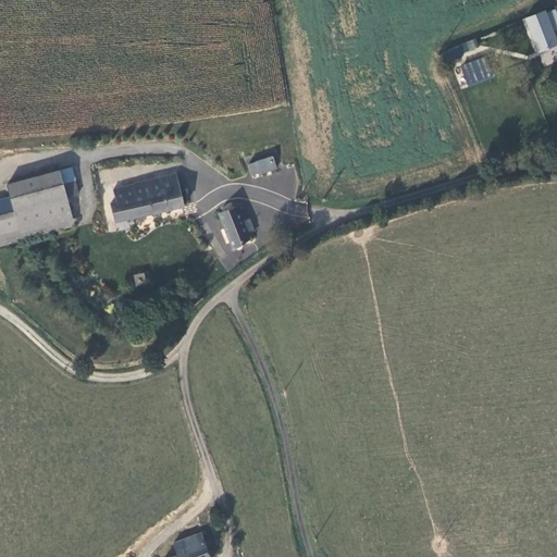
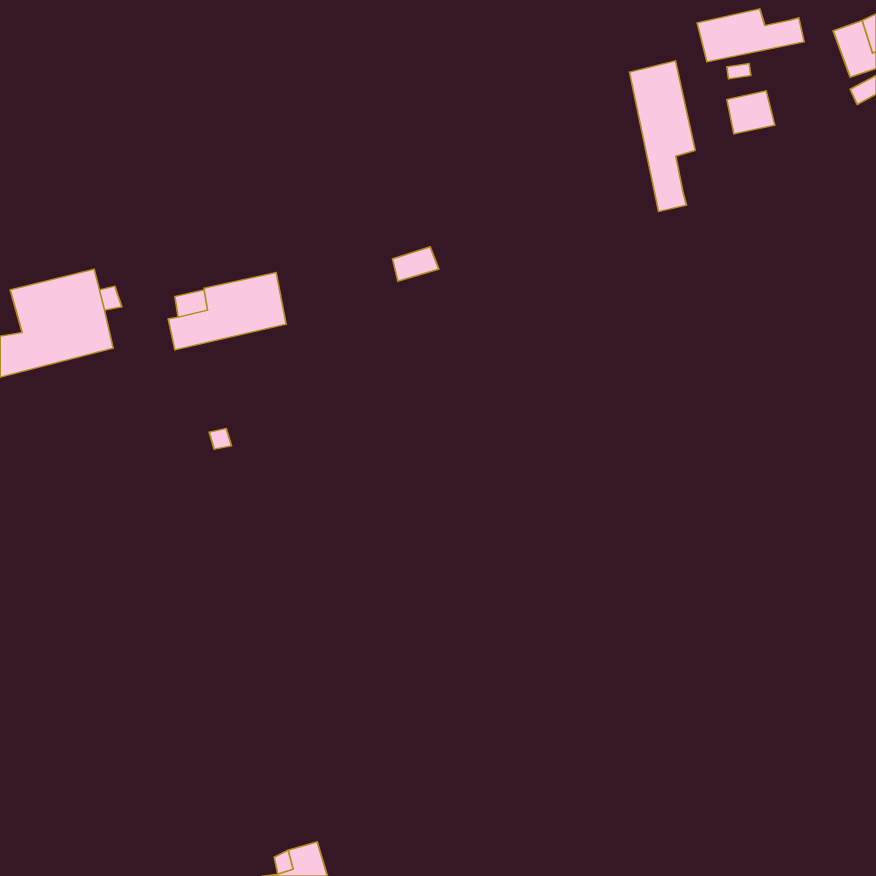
building: none -> [697,9,804,62]
building: none -> [629,61,695,211]
building: [221,203,248,245] -> none

